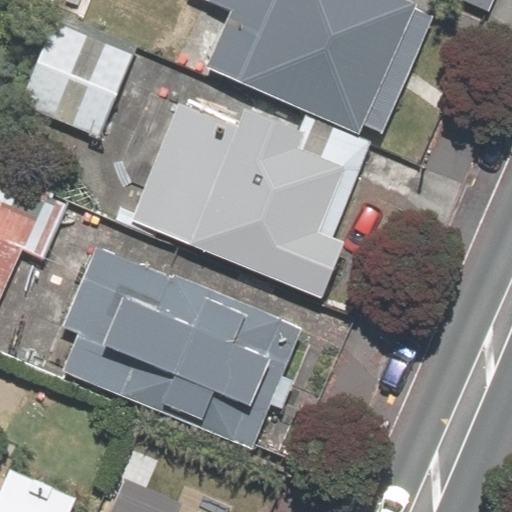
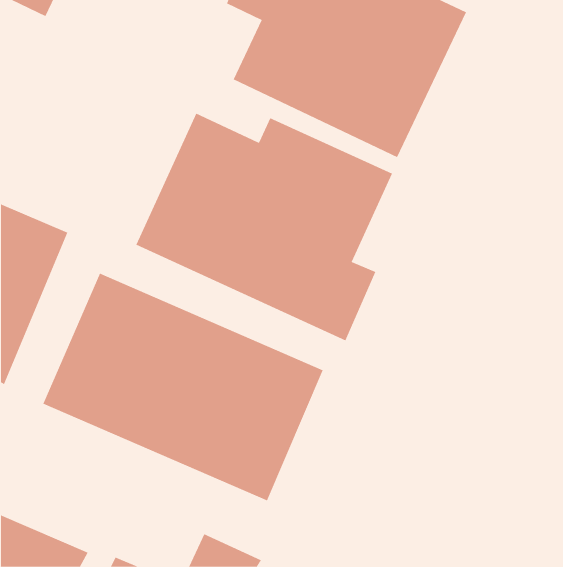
building: [17,17,142,140] -> none

